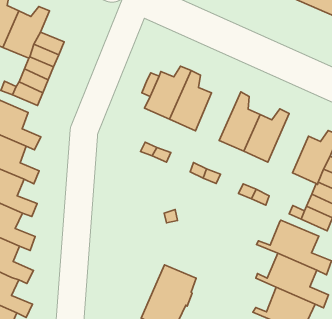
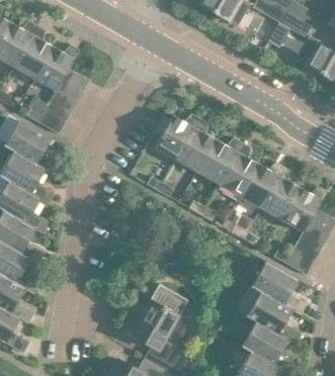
building: none -> [197,137,242,183]
building: none -> [259,166,299,219]

